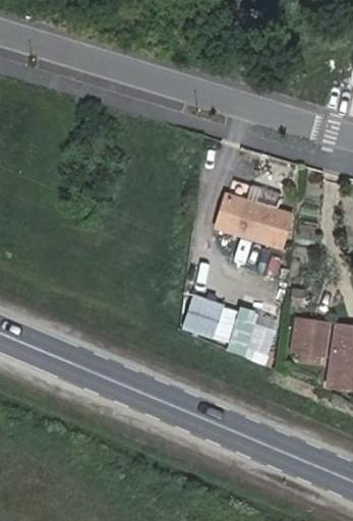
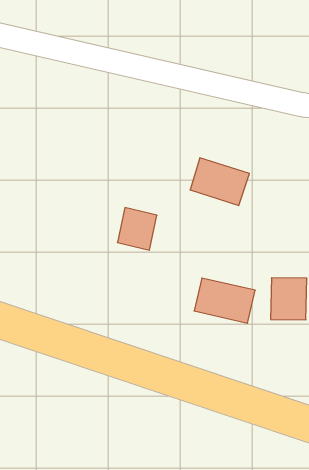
building: [181,294,223,339] -> [117,208,157,250]

